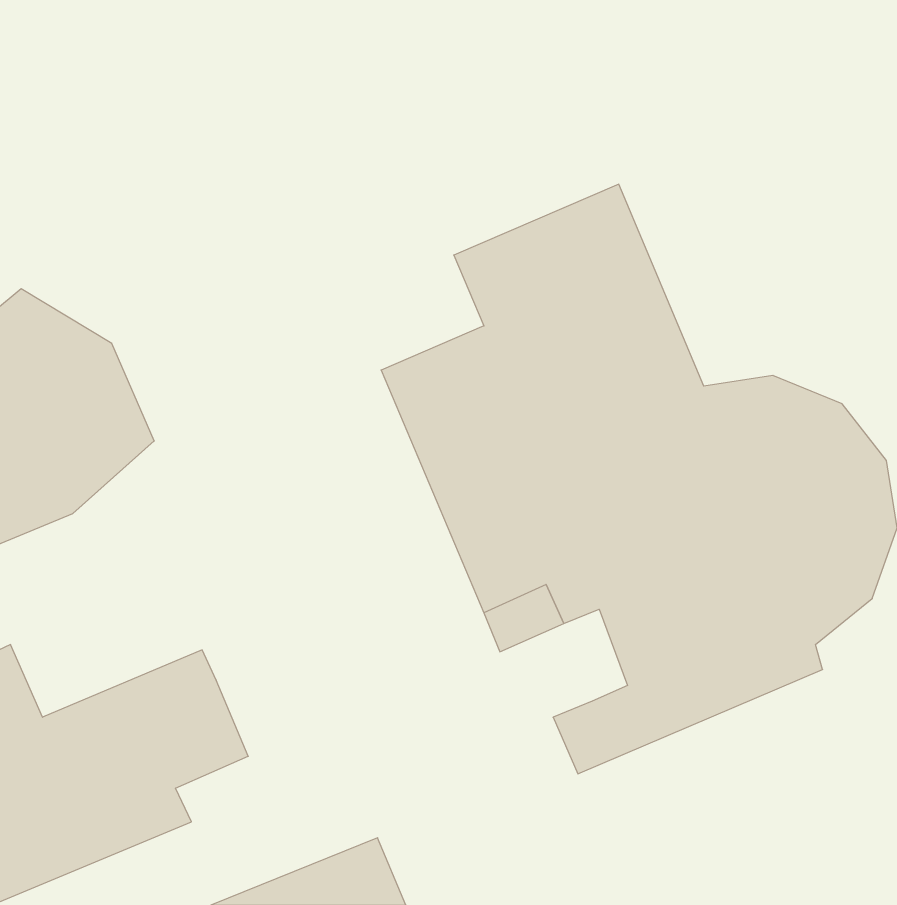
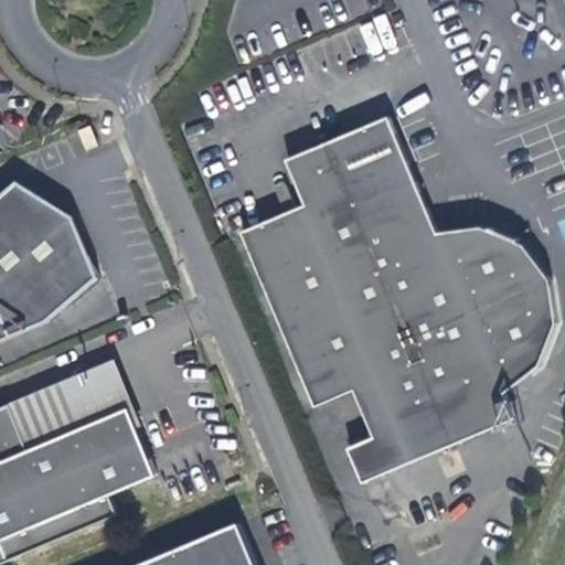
building: none -> [7,356,139,447]
building: none -> [351,380,391,437]

